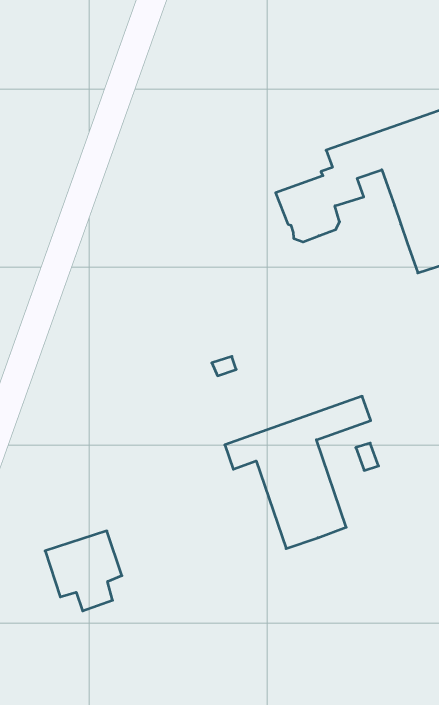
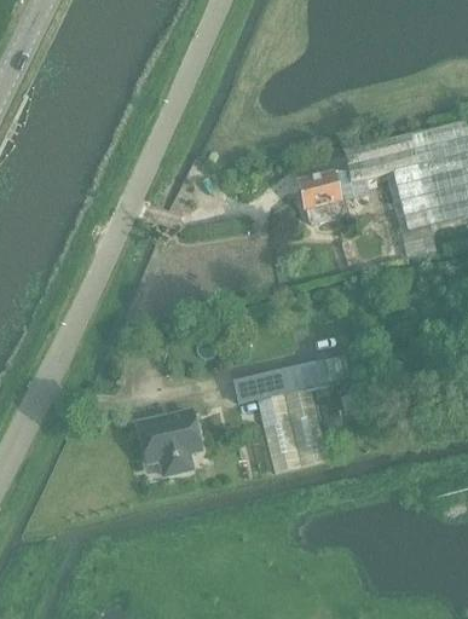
building: [45,531,122,611] -> [138,410,198,473]

